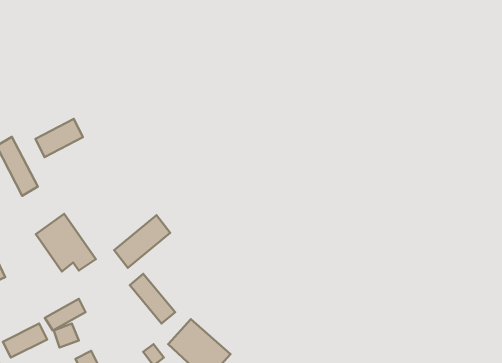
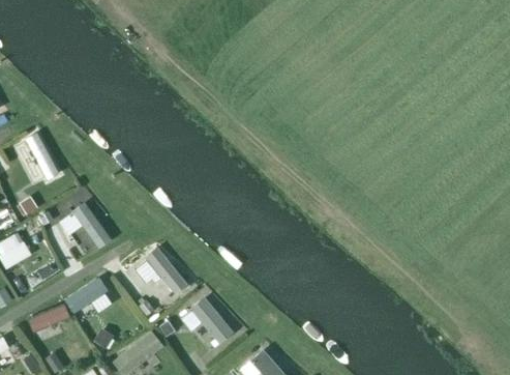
building: [36,119,83,157] -> none
building: [114,215,170,268] -> none

